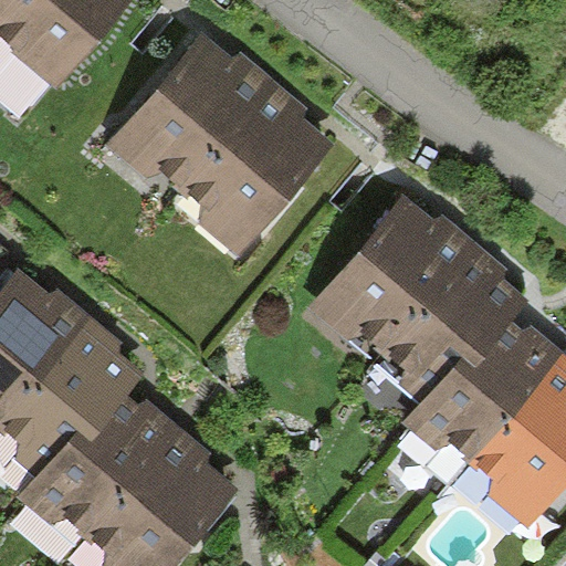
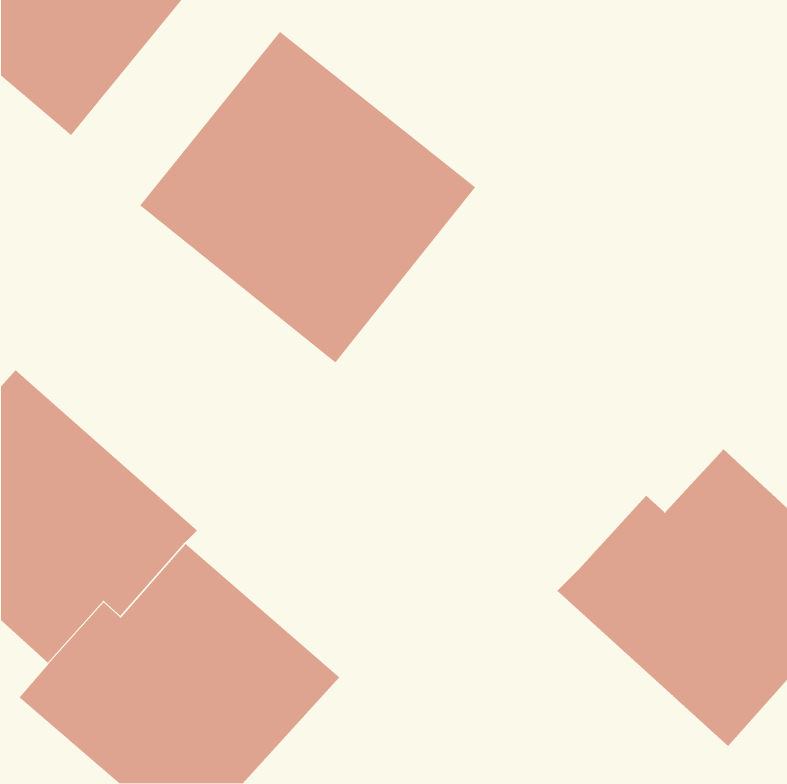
building: [300,191,531,407] -> none

